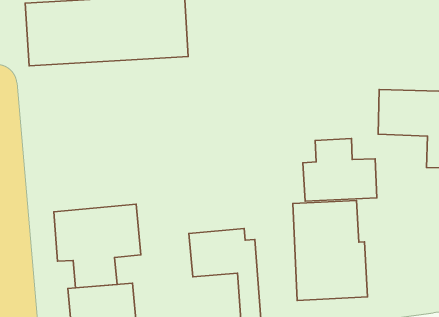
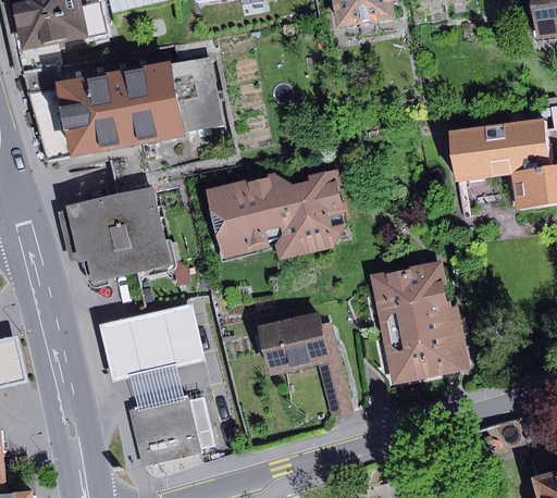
building: none -> [64,185,171,281]
building: none -> [205,169,349,259]
building: [303,139,377,201] -> none

